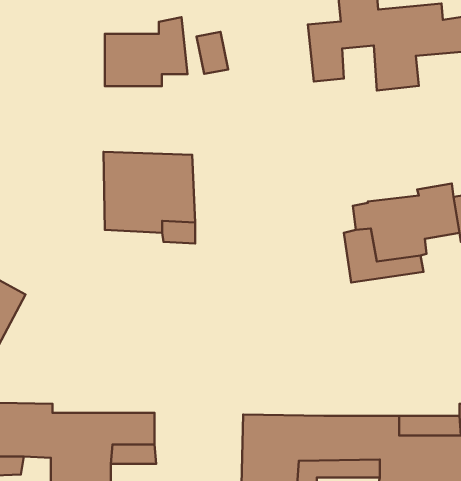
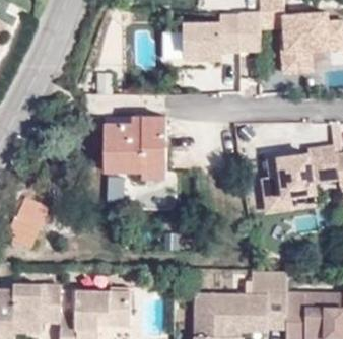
building: [105,17,187,86] -> [186,27,242,74]
building: none -> [248,268,285,292]

